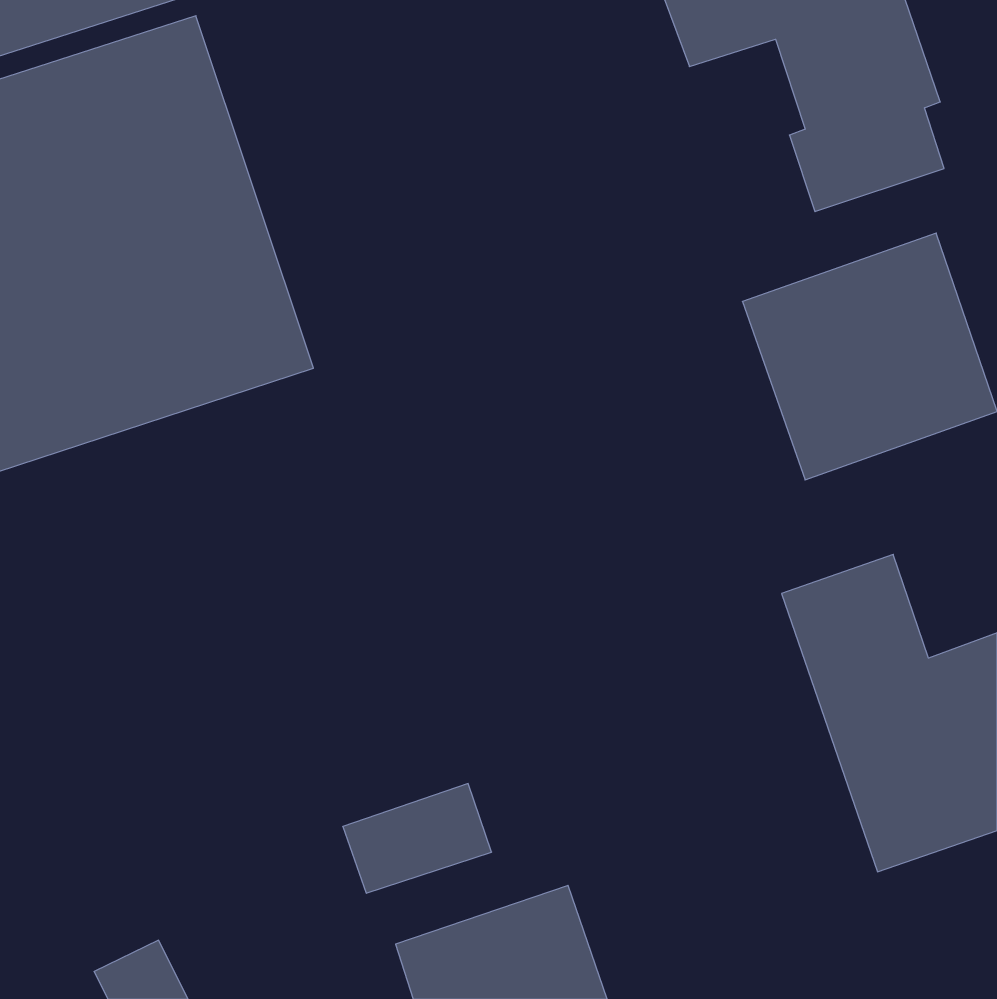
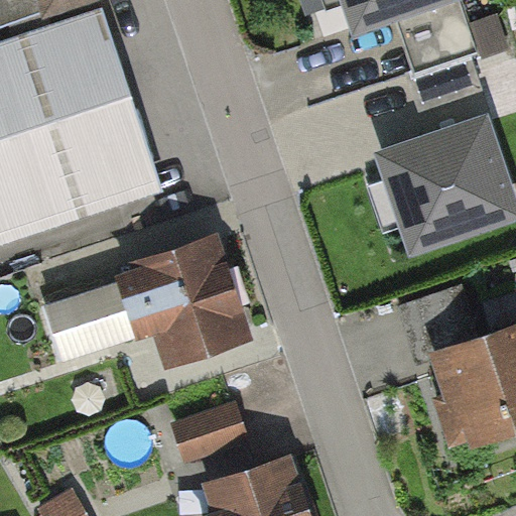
building: none -> [39,233,254,370]

